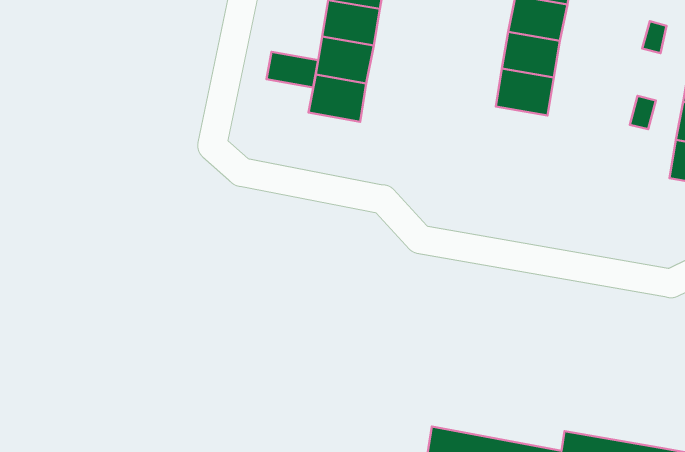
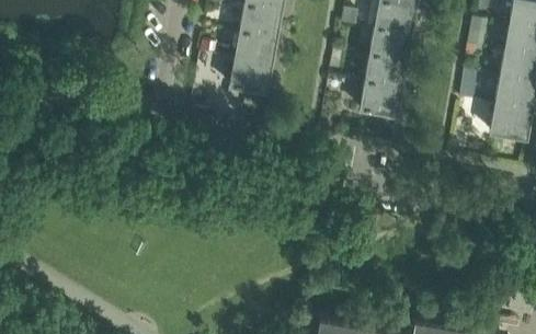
building: [266,52,318,87] -> none
building: none -> [358,84,401,118]

